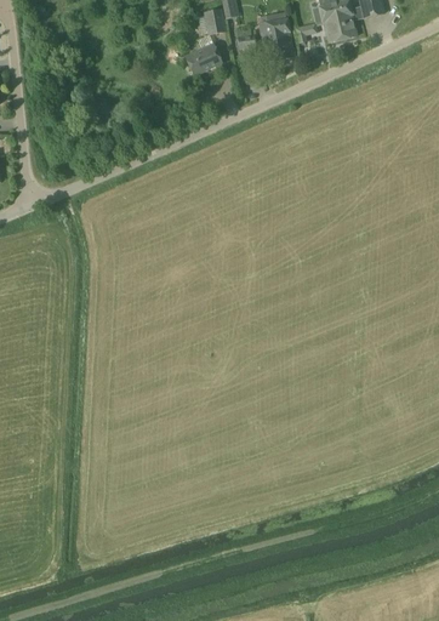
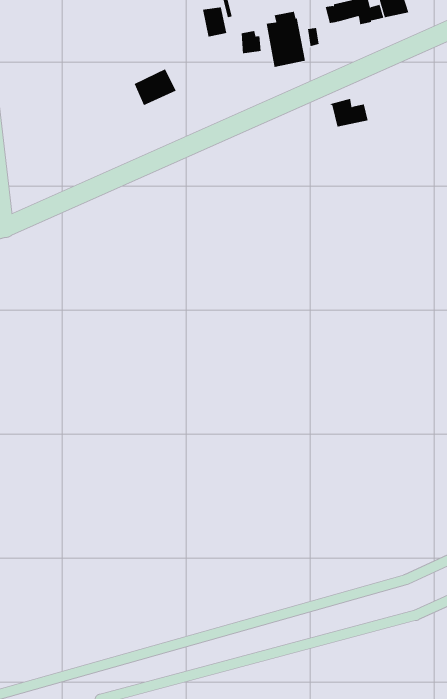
building: [323,16,357,41] -> [330,98,369,127]
building: [186,41,223,74] -> [134,69,176,106]

